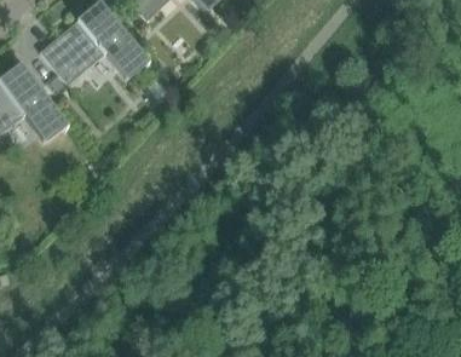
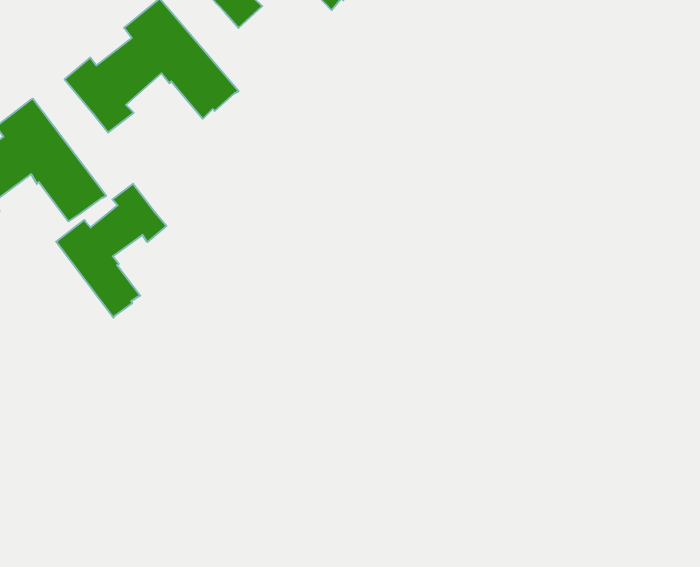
building: none -> [56,184,166,318]

